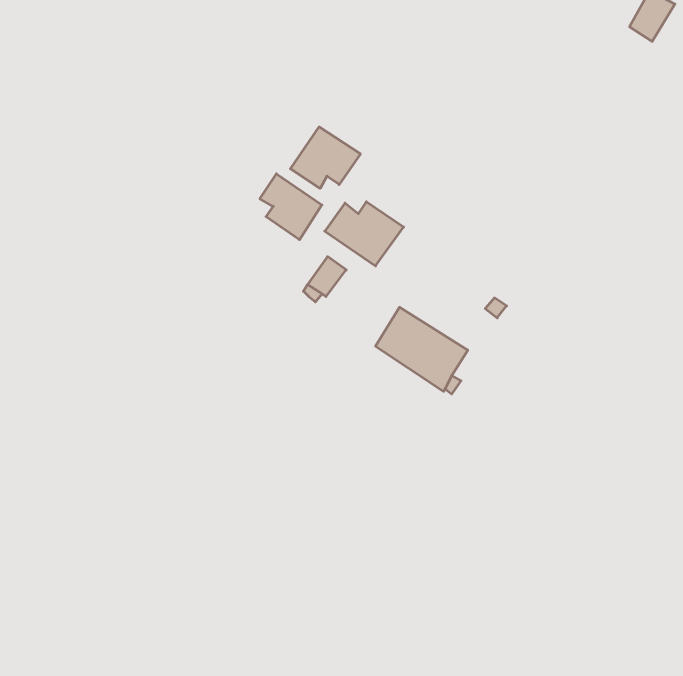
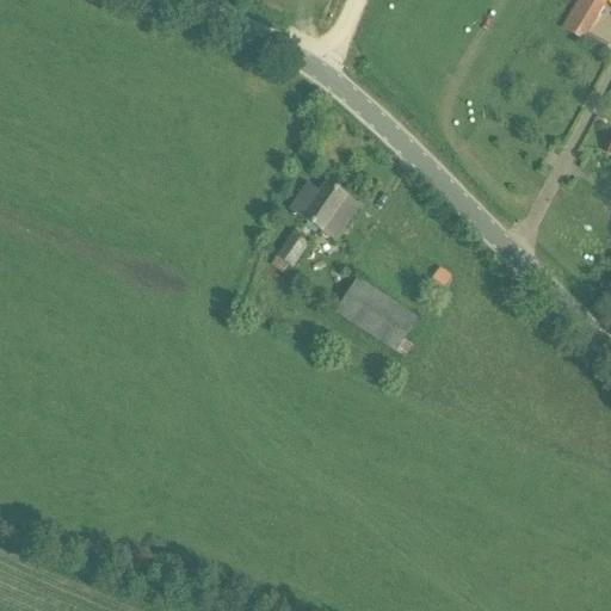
building: [290,127,360,188] -> none
building: [260,174,322,240] -> none

